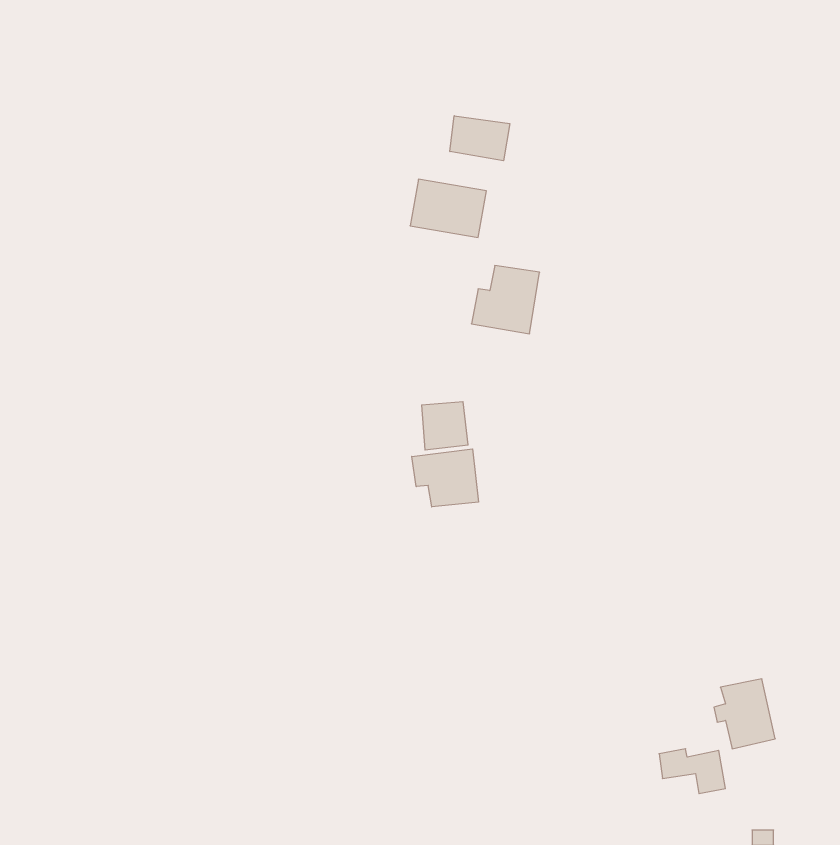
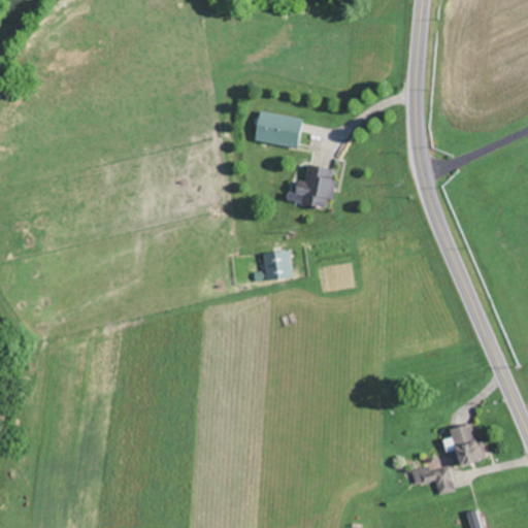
building: [450,116,510,161] -> none
building: [412,449,478,507] -> none

